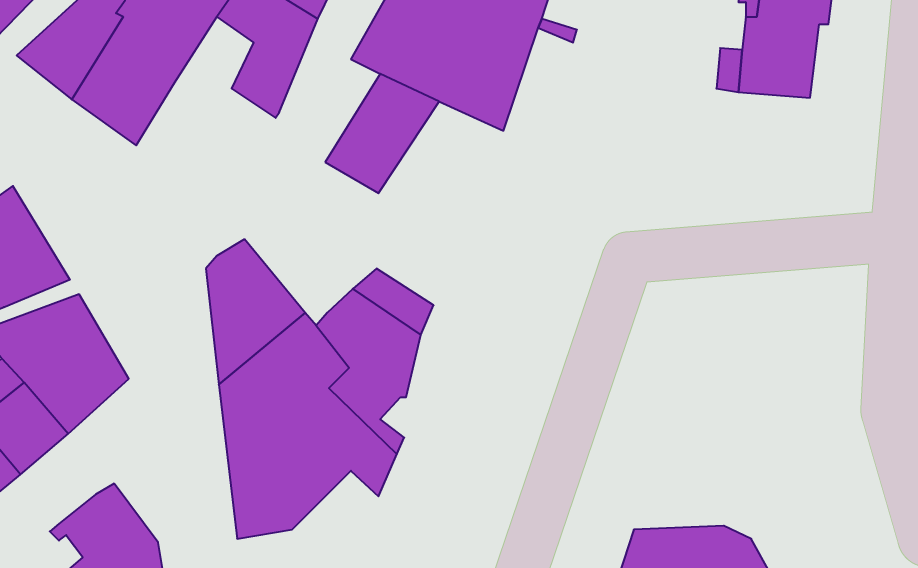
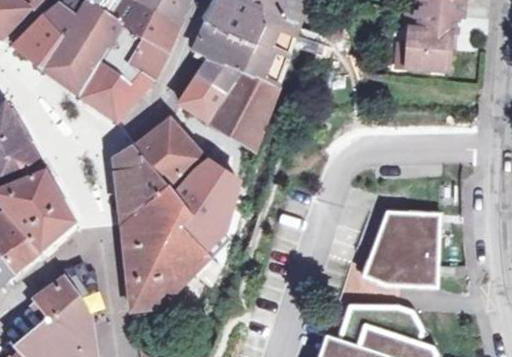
building: none -> [77,25,153,123]
building: none -> [209,71,277,149]
building: none -> [136,120,205,186]
building: none -> [362,210,439,287]

